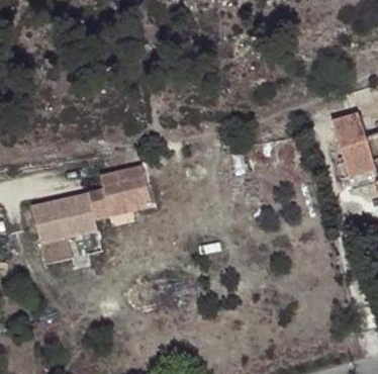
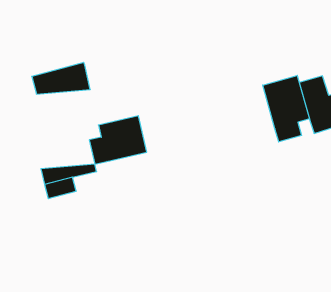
building: none -> [263,75,309,142]
building: [41,186,105,220] -> [32,62,90,94]

